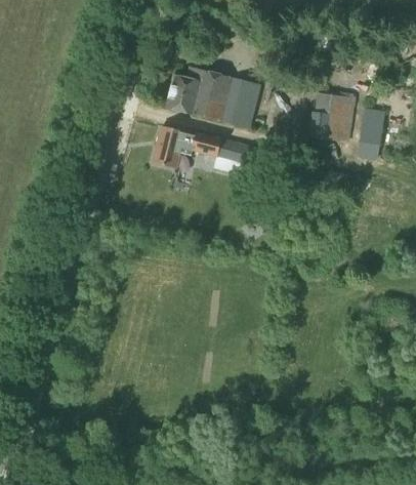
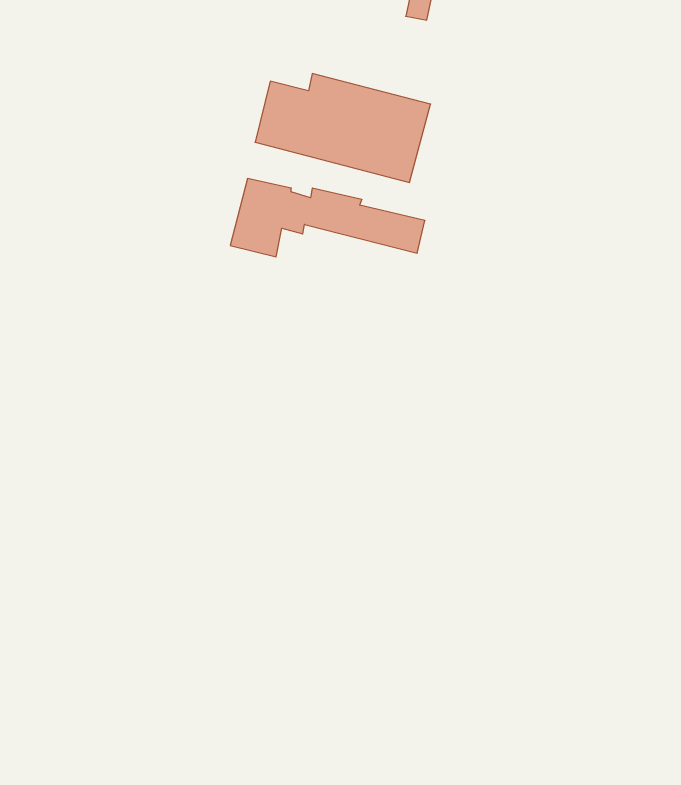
building: [308,92,355,142] -> none
building: [358,111,384,162] -> none

